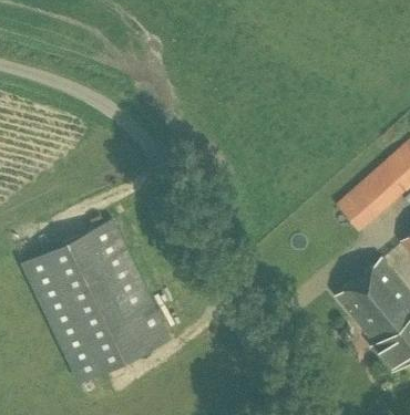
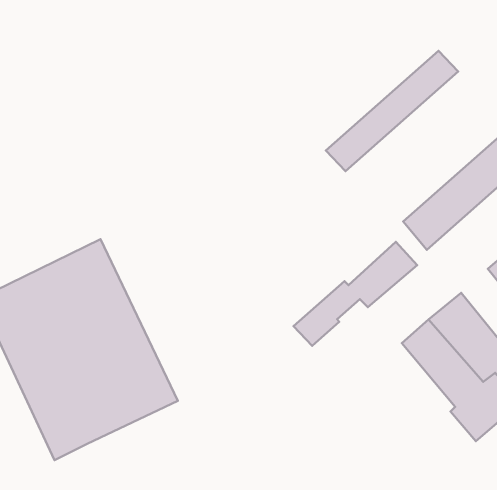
building: none -> [326,51,458,171]
building: none -> [293,242,417,346]

